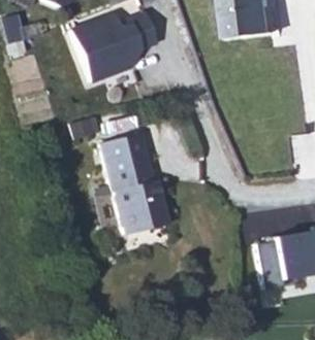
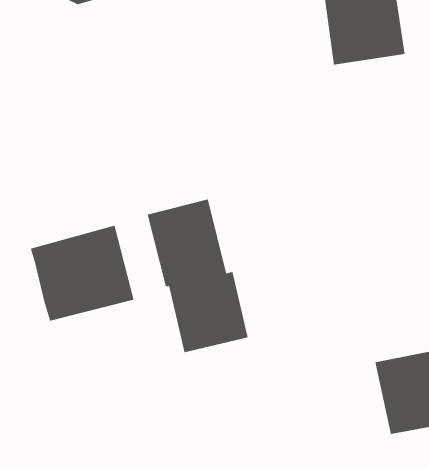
building: [65,20,149,84] -> none
building: none -> [30,225,134,322]

